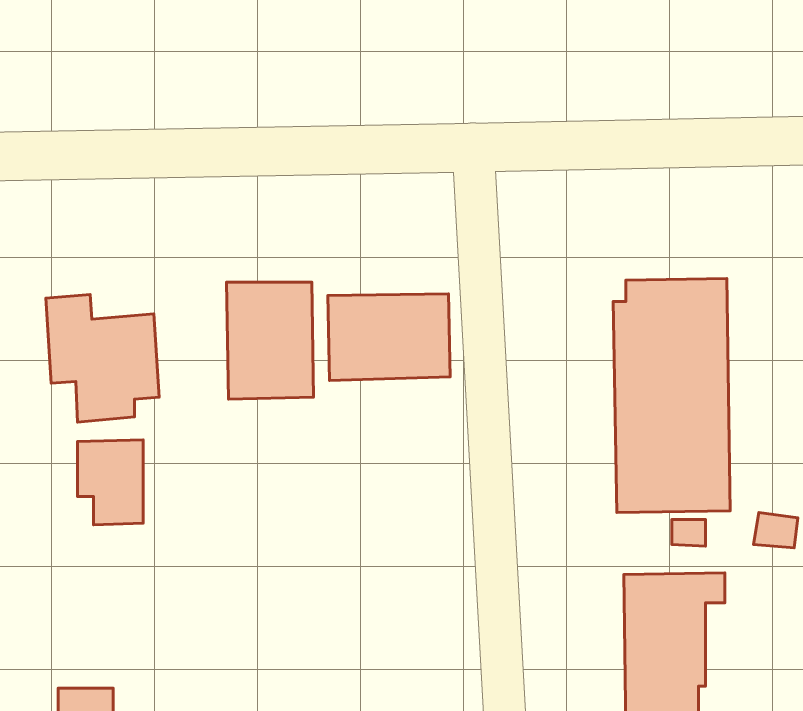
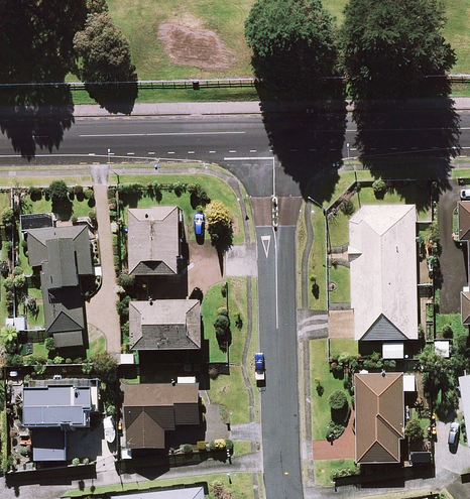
building: [328,294,450,381] -> [130,300,200,350]
building: none -> [24,383,98,427]
building: none -> [125,384,197,448]

